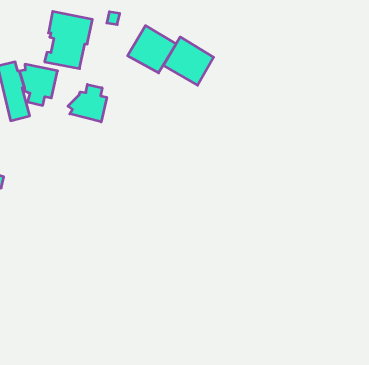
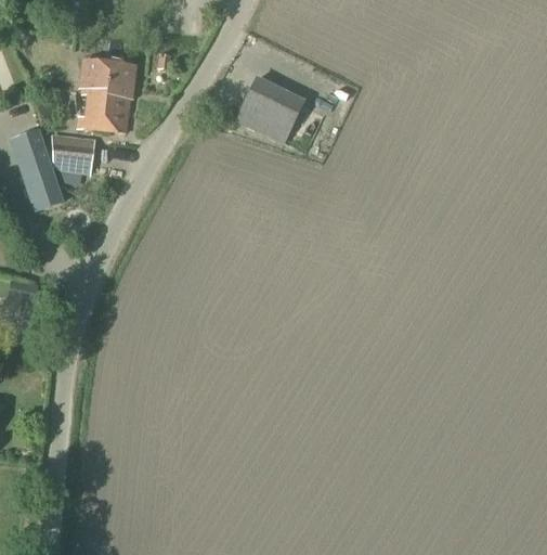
building: [128,26,176,73] -> none
building: [68,84,107,122] -> none

